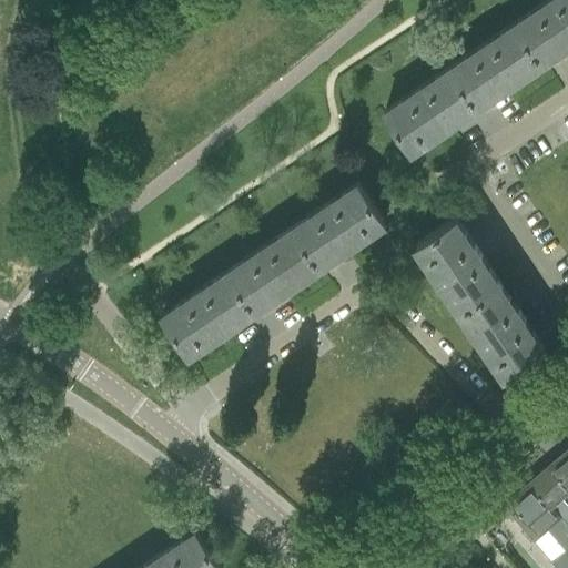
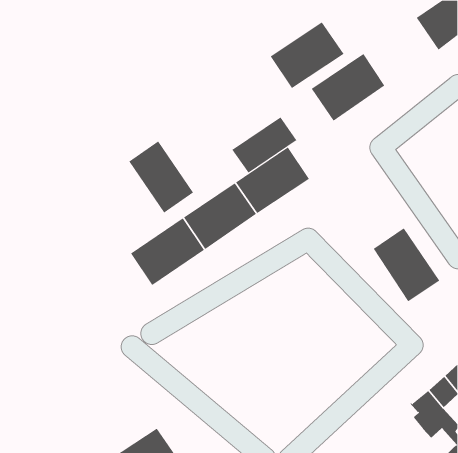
building: [449,30,541,113] -> [270,21,345,89]
building: none -> [232,116,297,174]
building: none -> [128,140,194,213]
building: [416,223,499,315] -> none

